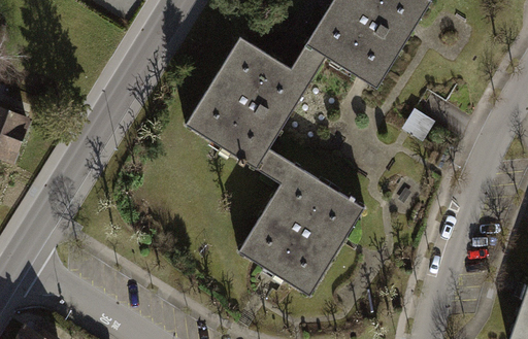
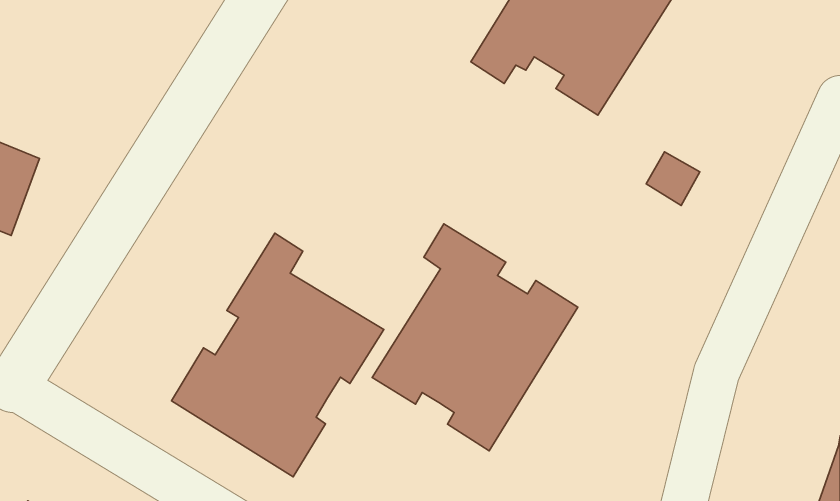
building: [185,36,319,176] -> none
building: none -> [171,233,384,477]

